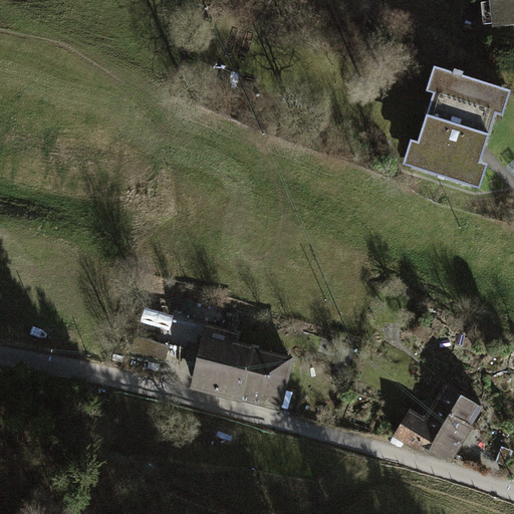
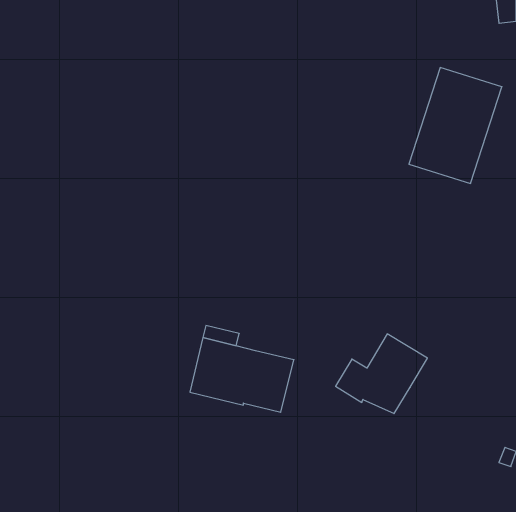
building: [394,383,485,463] -> [336,334,427,414]

